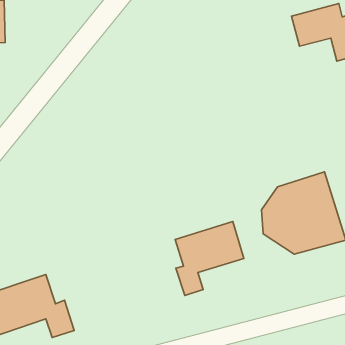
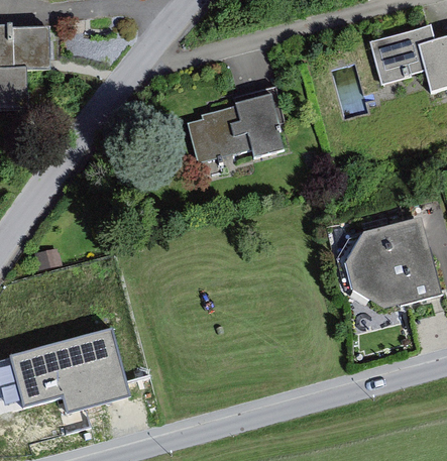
building: none -> [188,85,284,162]
building: [175,222,244,296] -> none

